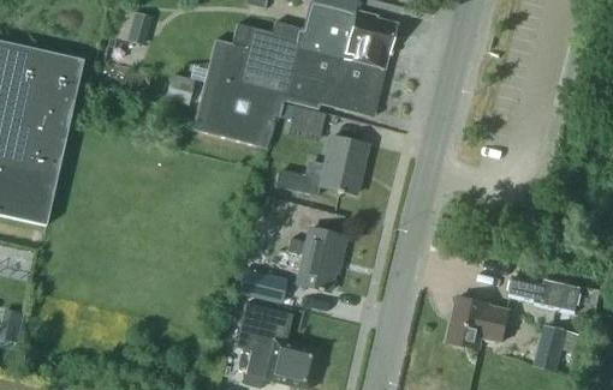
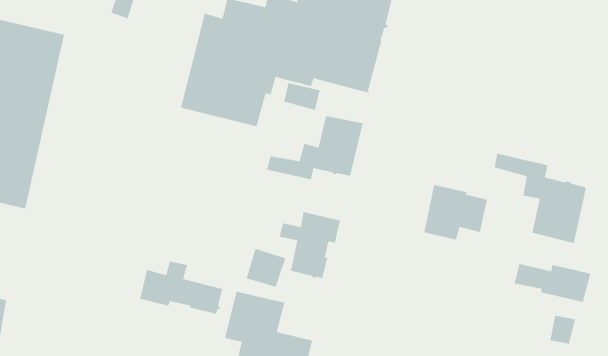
building: none -> [494,153,587,244]
building: none -> [139,261,223,315]
building: [448,295,510,348] -> [423,184,488,240]

